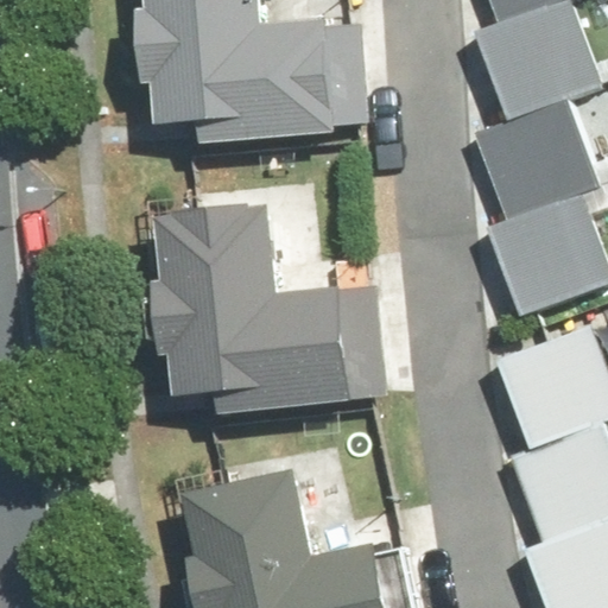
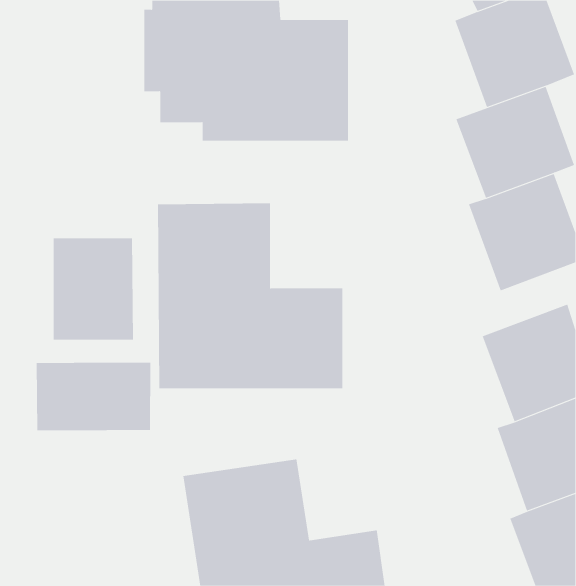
building: none -> [53,238,133,341]
building: none -> [36,362,151,431]

